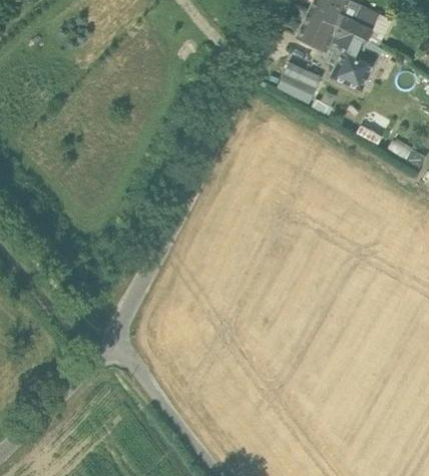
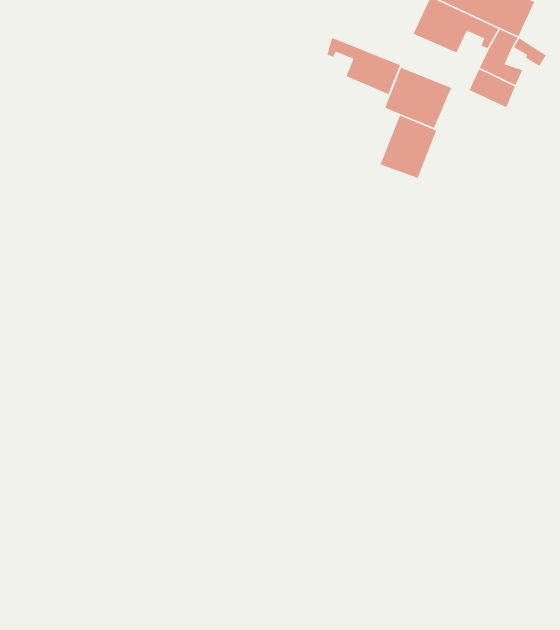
building: none -> [327,37,401,95]
building: none -> [380,115,437,179]

